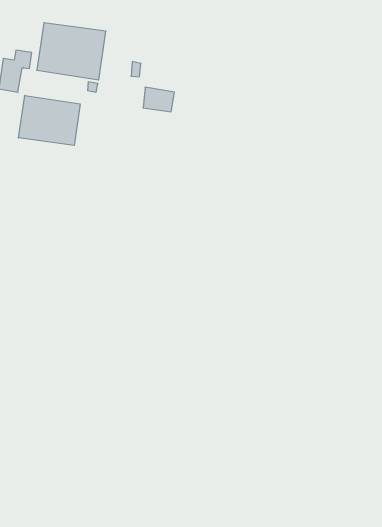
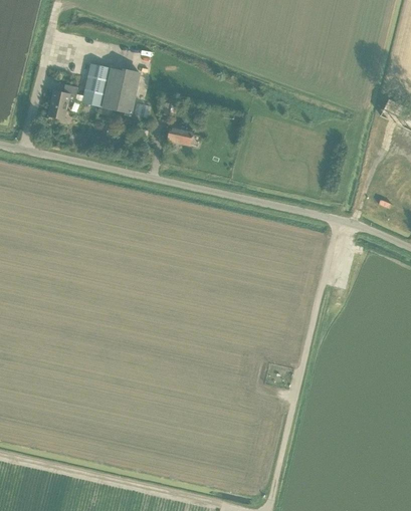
building: [19,95,80,145] -> none

